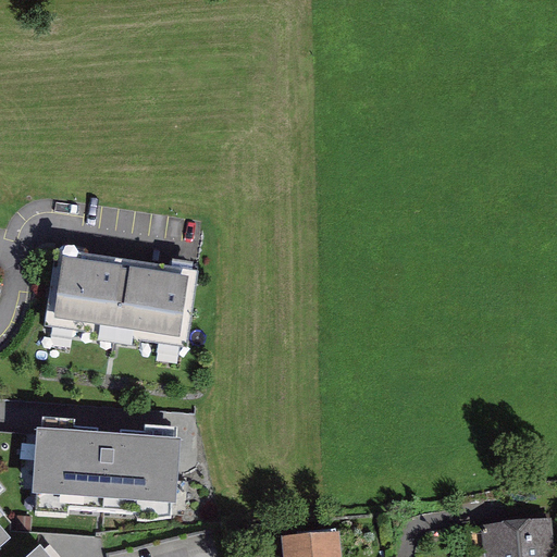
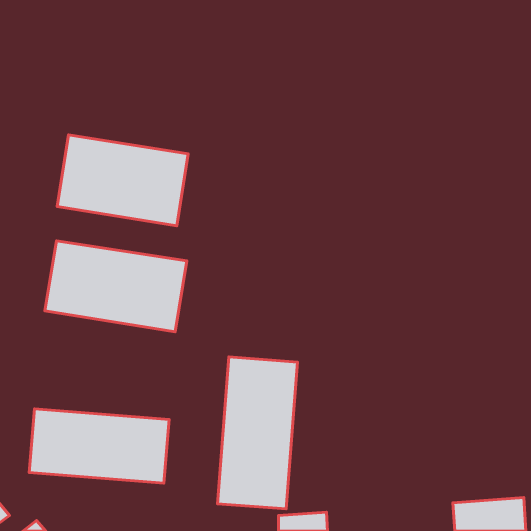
building: none -> [57,135,188,226]
building: none -> [217,357,298,509]

